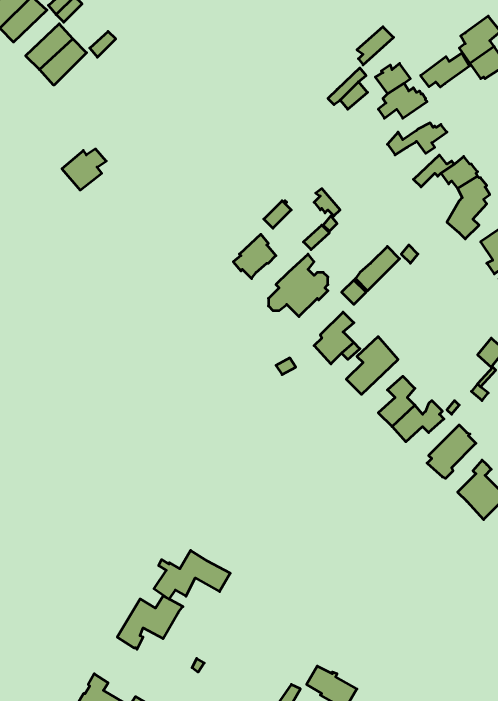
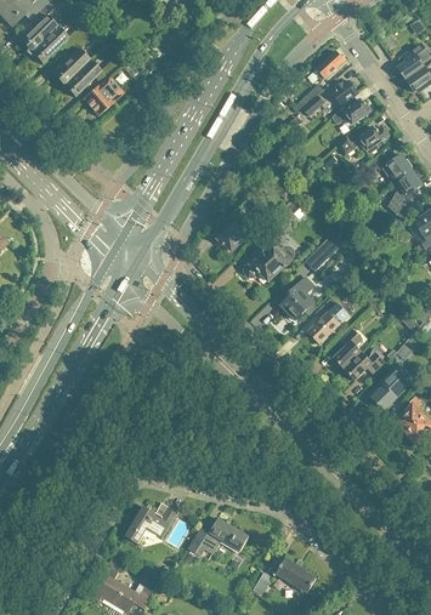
building: [421,53,470,87] -> none
building: [62,149,106,190] -> [83,81,118,114]
building: [154,550,230,599] -> [188,517,249,556]

